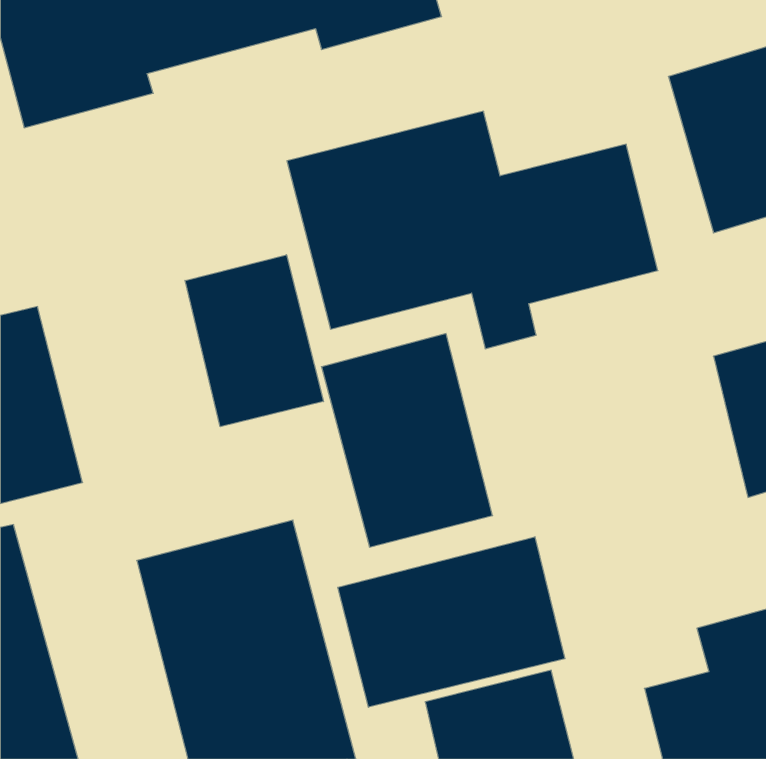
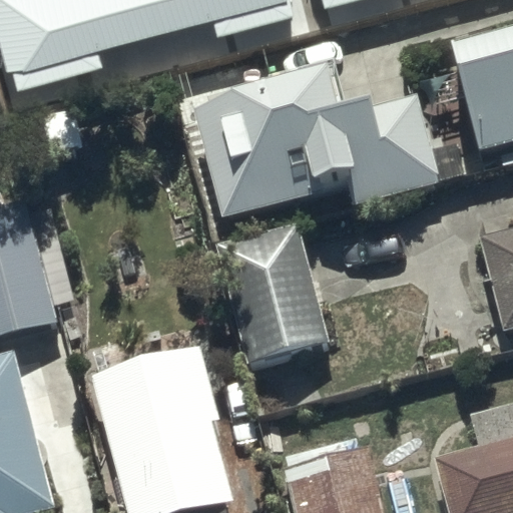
building: [185,255,323,427] -> none
building: [338,537,565,707] -> none

